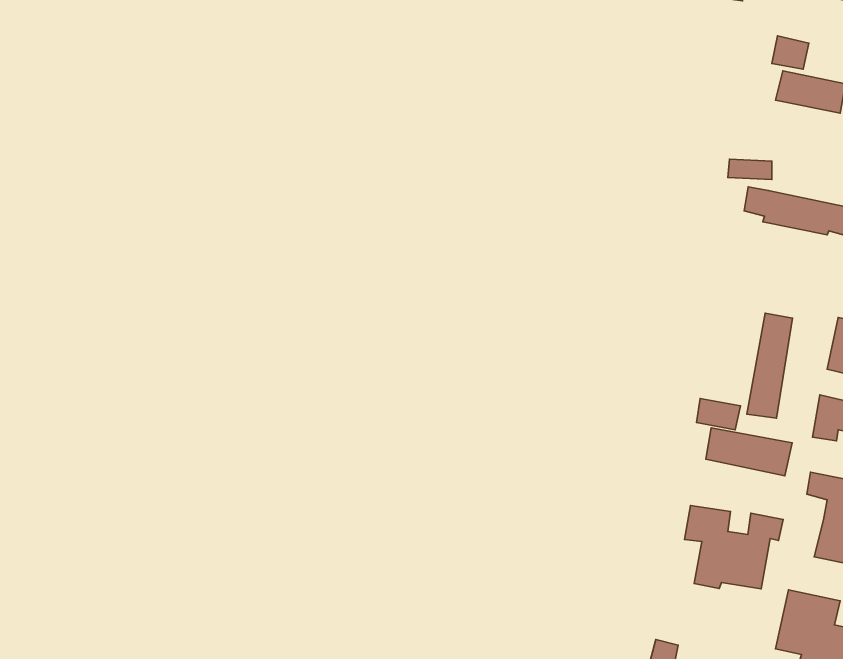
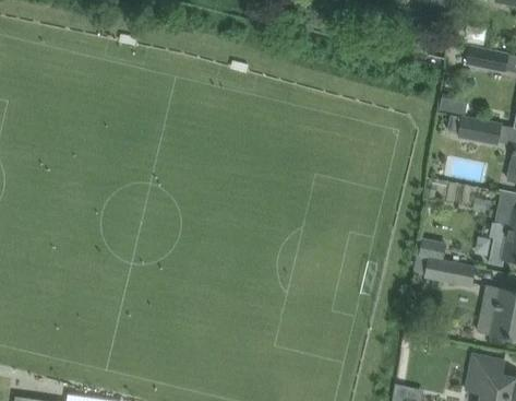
building: [747,313,793,418] -> none
building: [684,505,783,589] -> none

